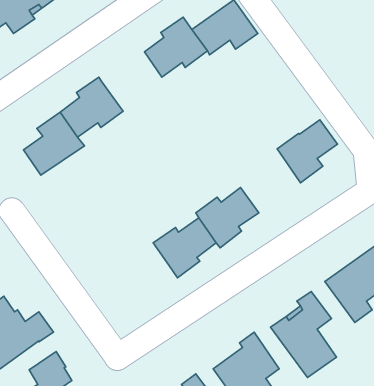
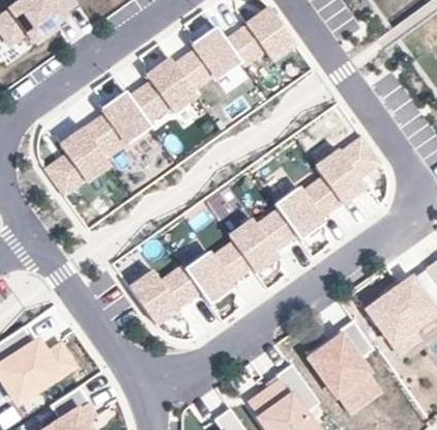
building: none -> [127,60,195,124]
building: none -> [272,178,340,241]
building: none -> [128,266,199,325]

